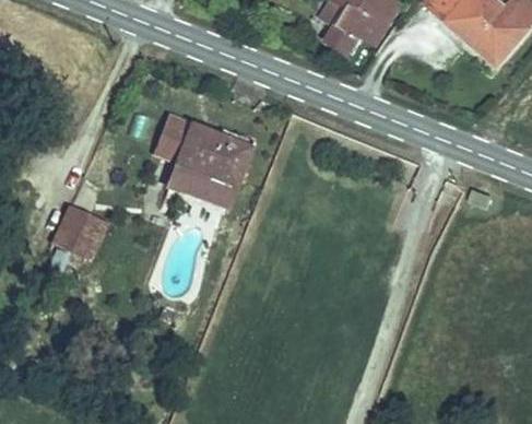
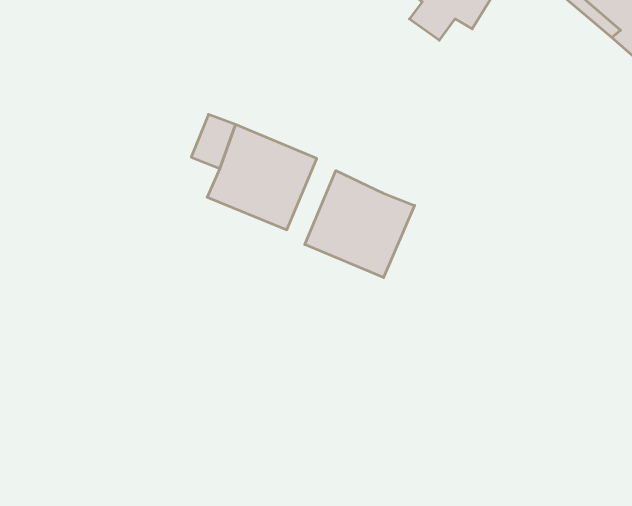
building: none -> [305,171,415,278]
building: [56,203,108,255] -> none

